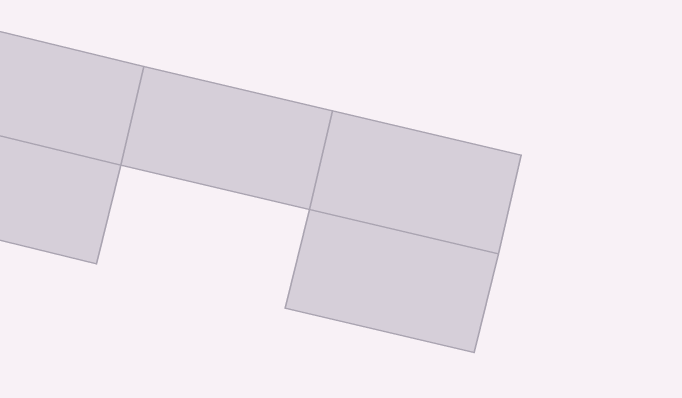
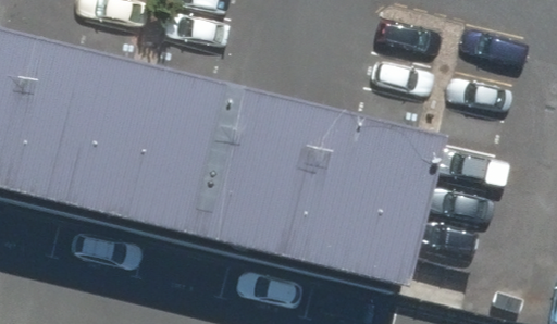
building: none -> [97,141,259,250]

